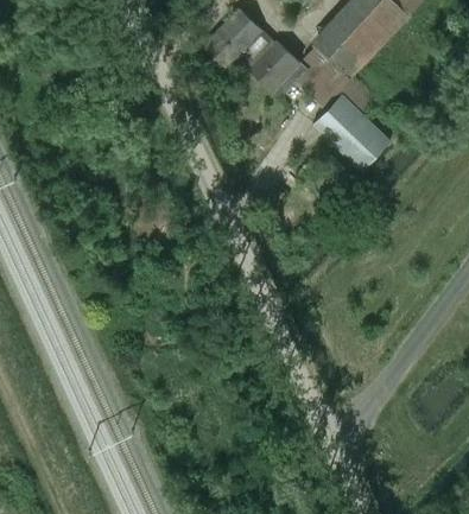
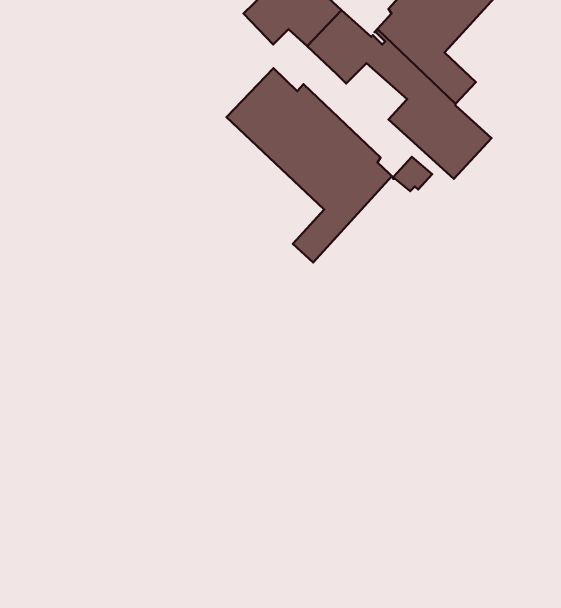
building: none -> [227,68,395,263]

